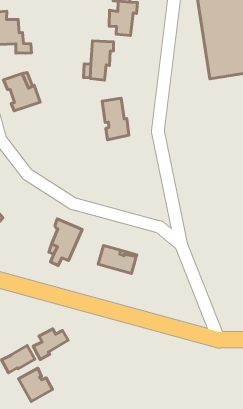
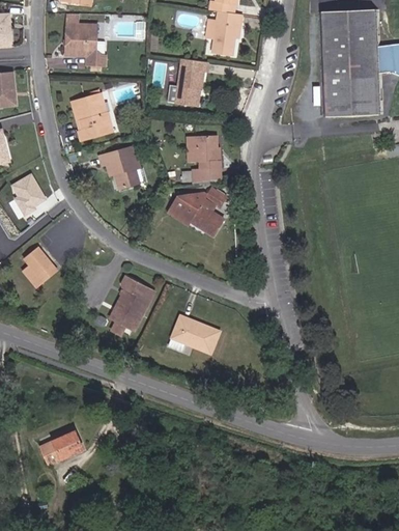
building: none -> [97,142,143,184]
building: none -> [174,189,227,237]
building: [33,329,68,360] -> none
building: [19,368,53,402] -> none

